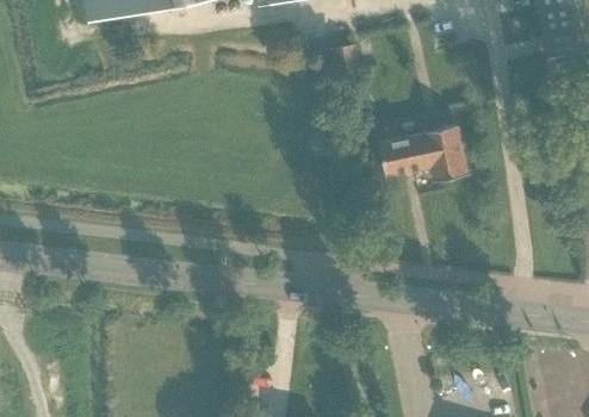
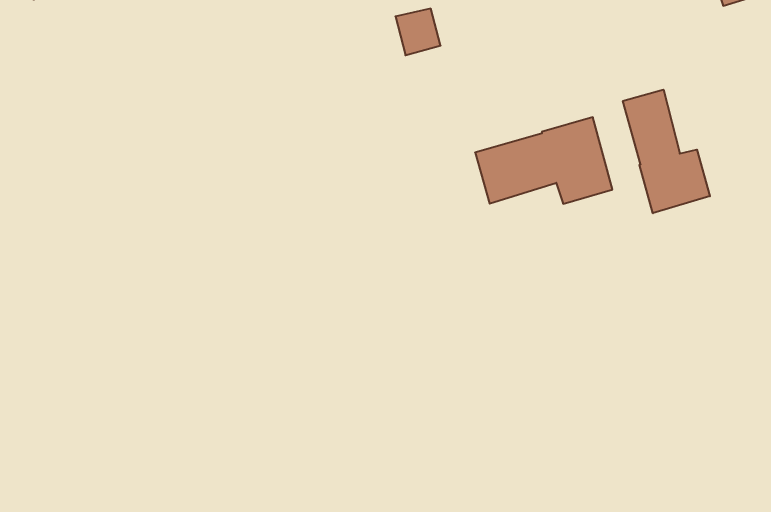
building: none -> [623,90,710,213]

